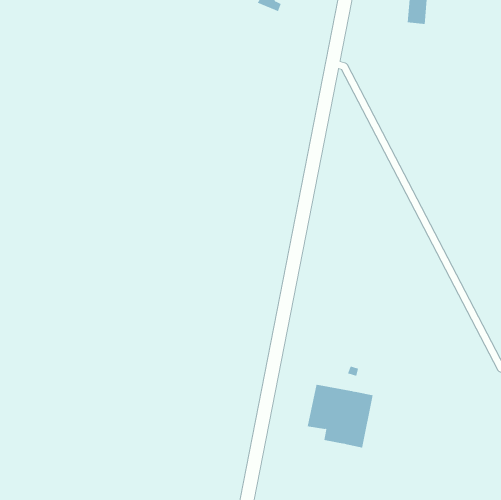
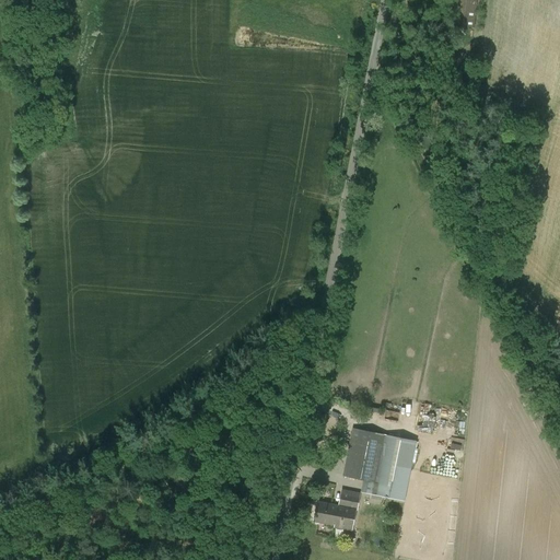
building: none -> [313,488,360,530]

